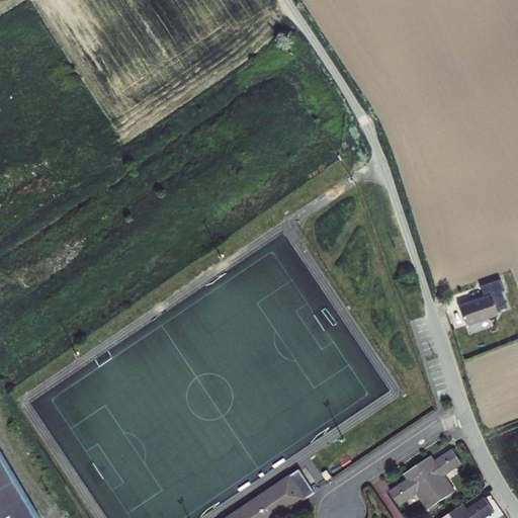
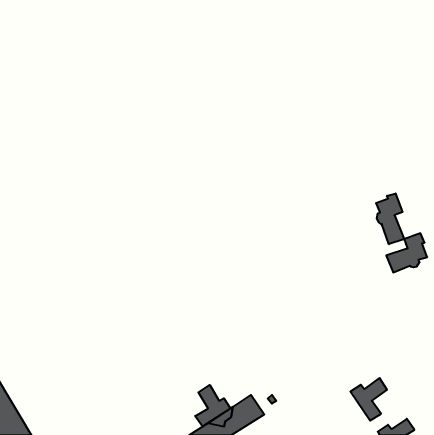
building: none -> [376,193,404,244]
building: none -> [195,385,230,426]
building: [387,465,439,509] -> none

